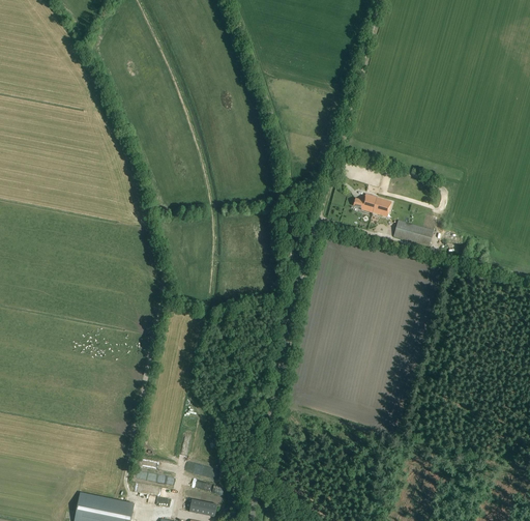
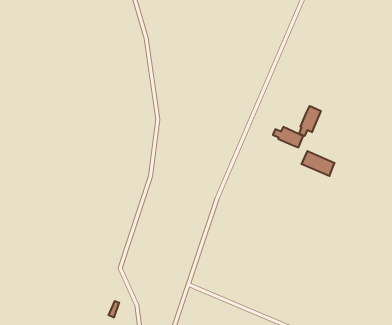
building: none -> [299,106,321,136]

